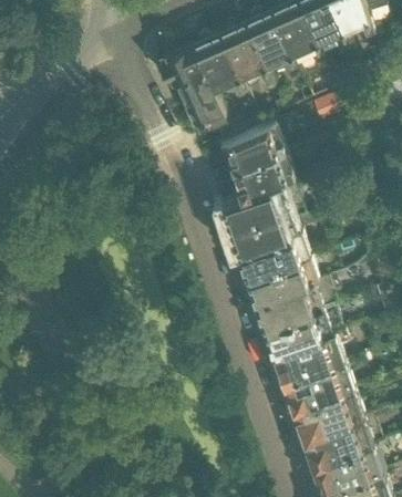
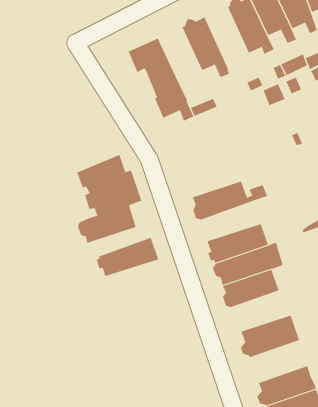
building: [245,10,300,80] -> none
building: [192,33,246,100] -> none
building: [218,125,293,227] -> [76,154,142,244]
building: [237,231,309,277] -> [96,237,159,277]
building: [275,332,343,380] -> none
building: [295,390,362,438] -> none

